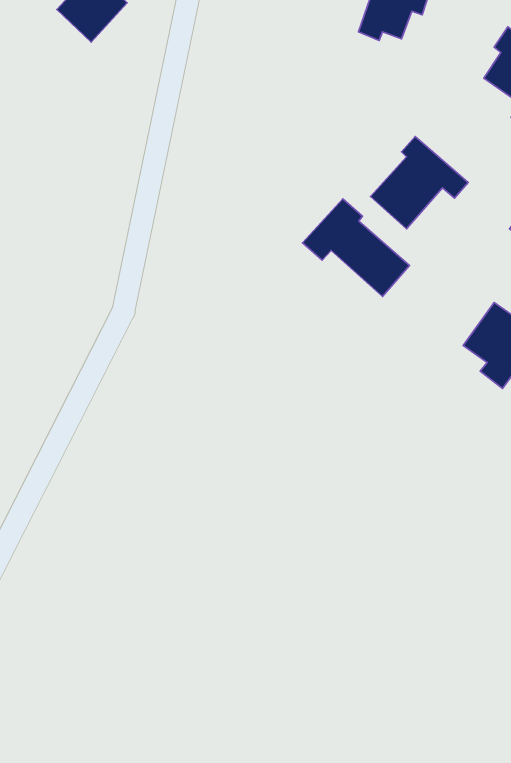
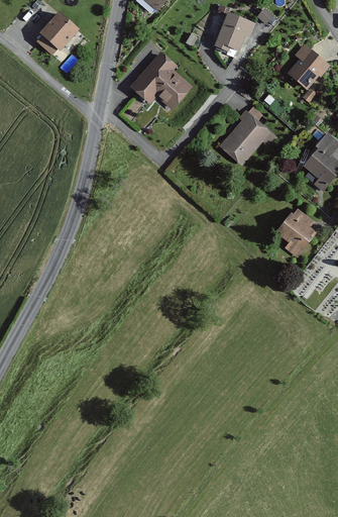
building: none -> [127,49,193,108]
building: [303,199,409,296] -> none

